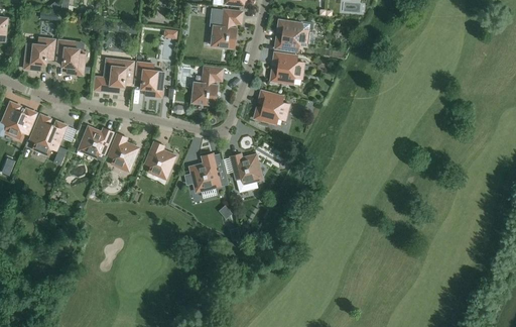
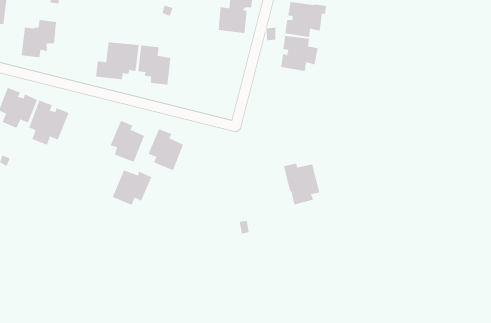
building: [54,38,86,76] -> none
building: [189,65,224,106] -> none
building: [252,88,290,124] -> none
building: [76,124,114,158] -> [112,170,152,206]
building: [184,151,226,193] -> none
building: [228,151,263,192] -> [283,163,320,205]

